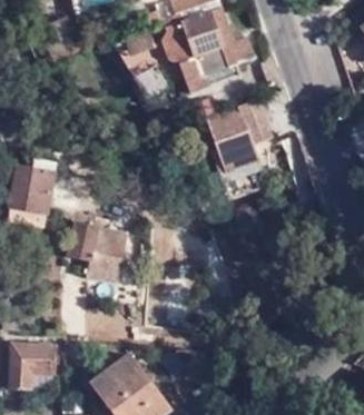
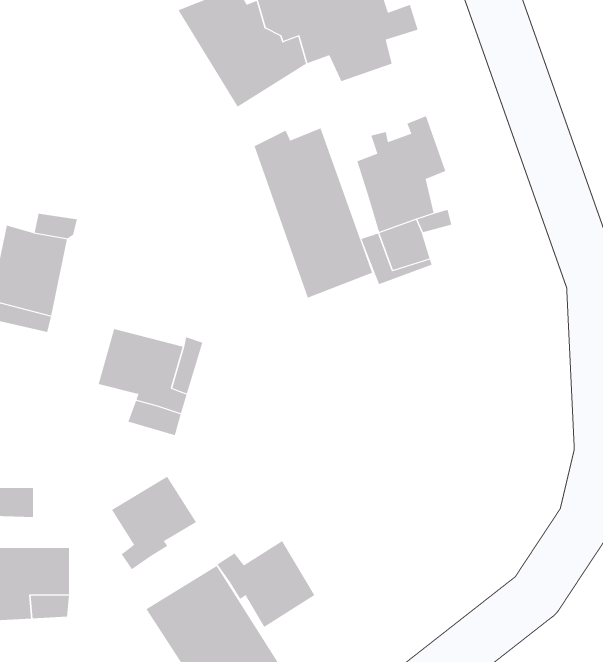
building: none -> [254,127,373,299]
building: none -> [111,476,197,570]
building: none -> [216,540,315,628]

